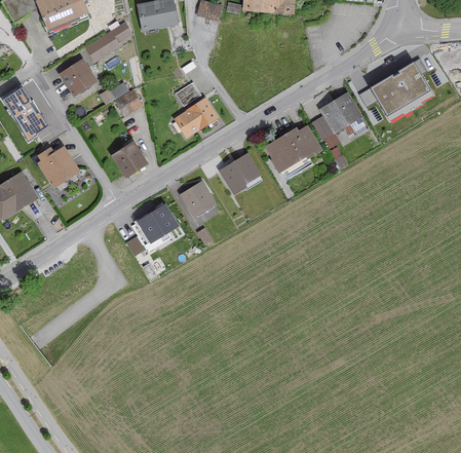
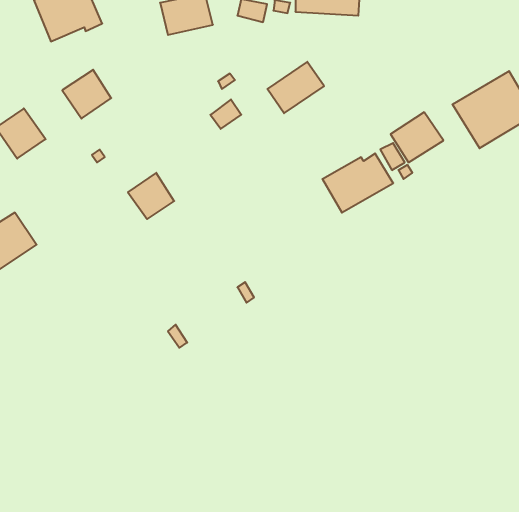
building: [85,22,131,62] -> none
building: [99,82,143,117] -> none
building: [174,97,219,138] -> [267,62,324,113]
building: [37,146,79,187] -> none
building: [218,152,261,192] -> none
building: [180,180,215,216] -> none
building: [132,203,179,247] -> none

